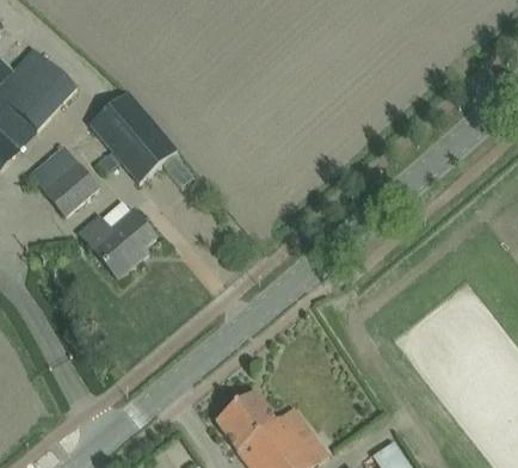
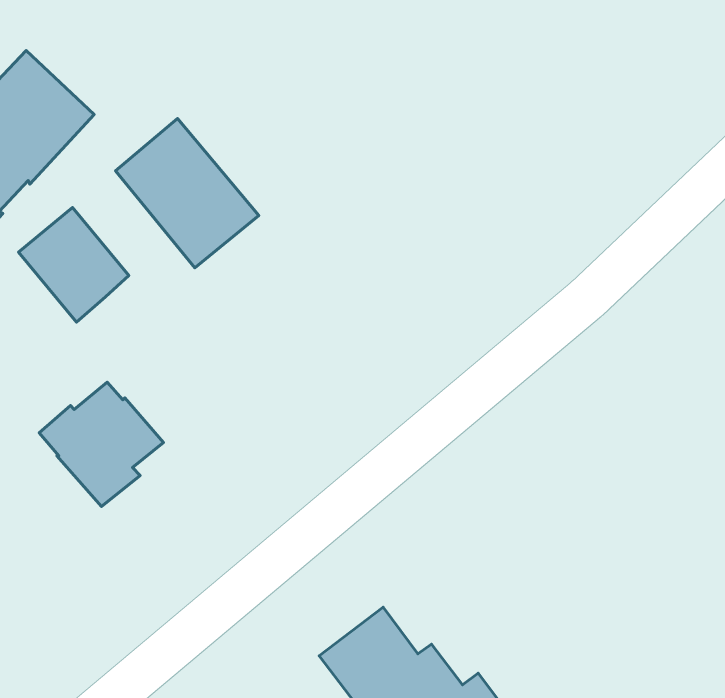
building: [81,201,158,277] -> [39,382,163,506]

